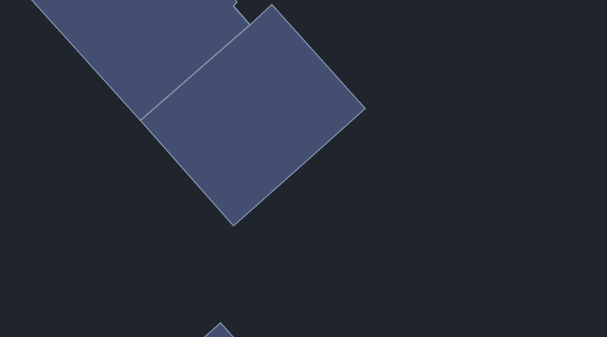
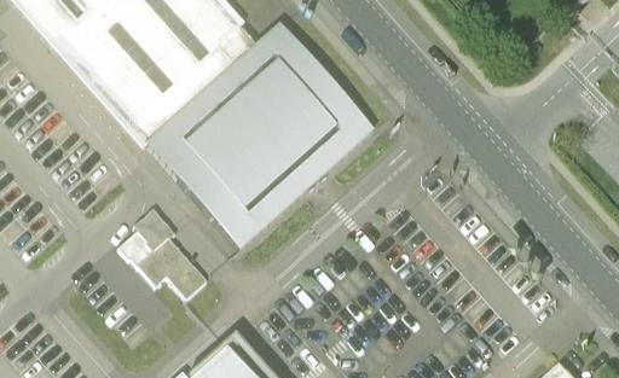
building: none -> [116,209,206,298]

